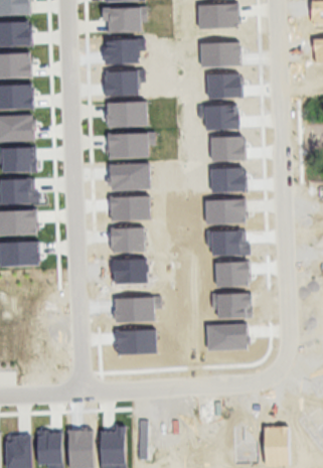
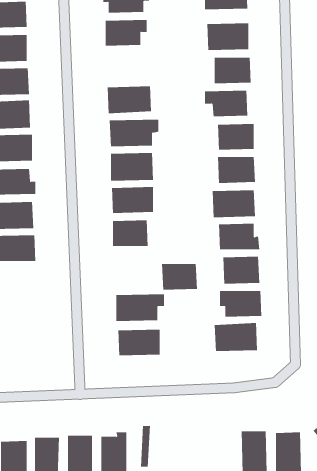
building: [104,69,145,96] -> none
building: [113,259,147,284] -> [161,263,198,290]

